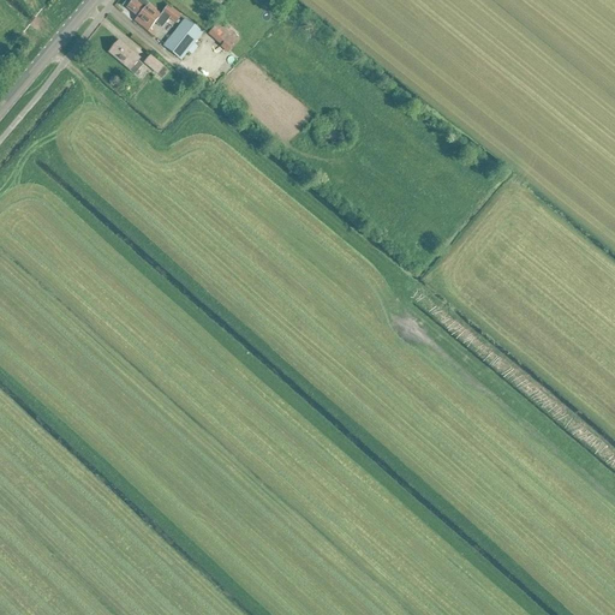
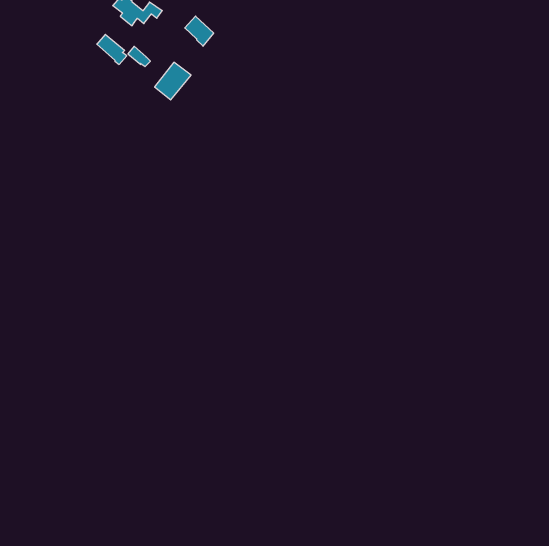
building: [162,16,203,58] -> [155,62,191,100]

